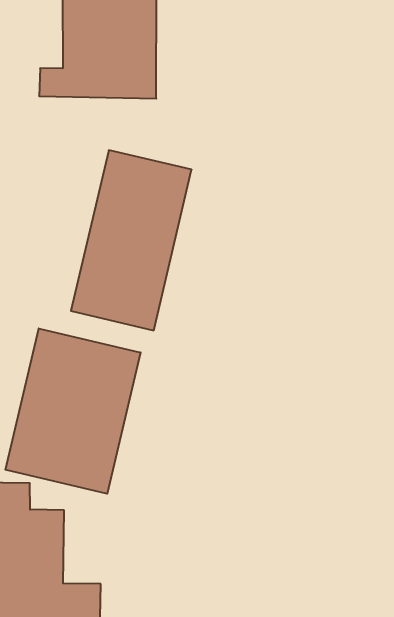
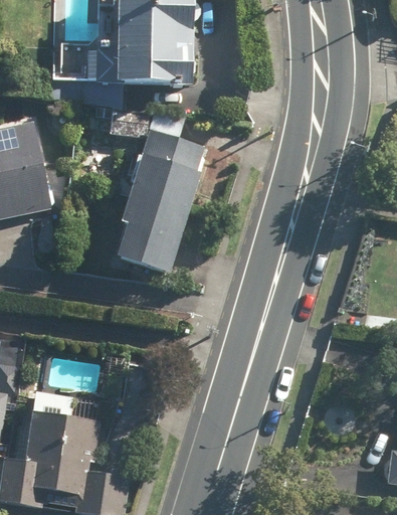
building: [5,328,141,494] -> none

